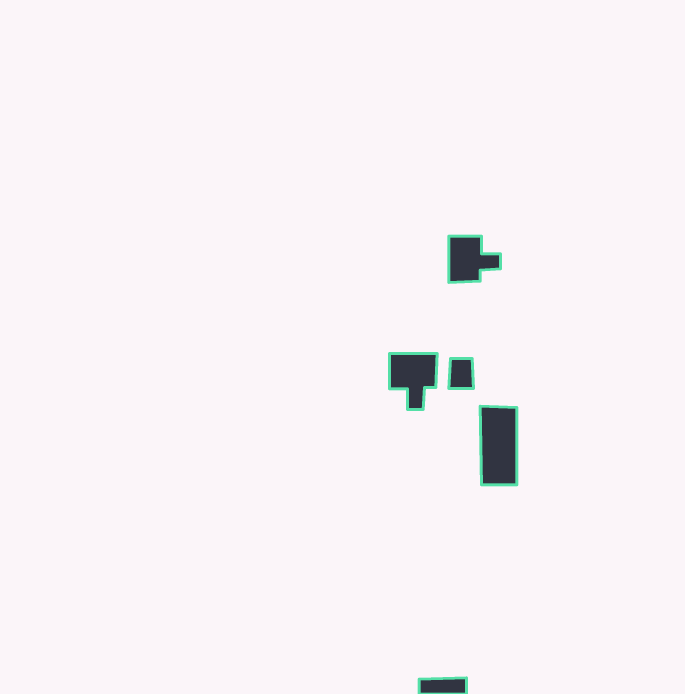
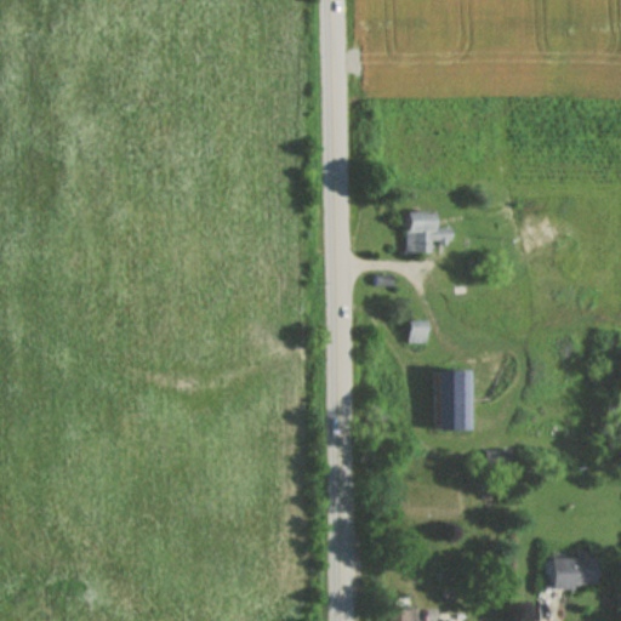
building: [389,354,437,410] -> none
building: none -> [549,553,600,594]

